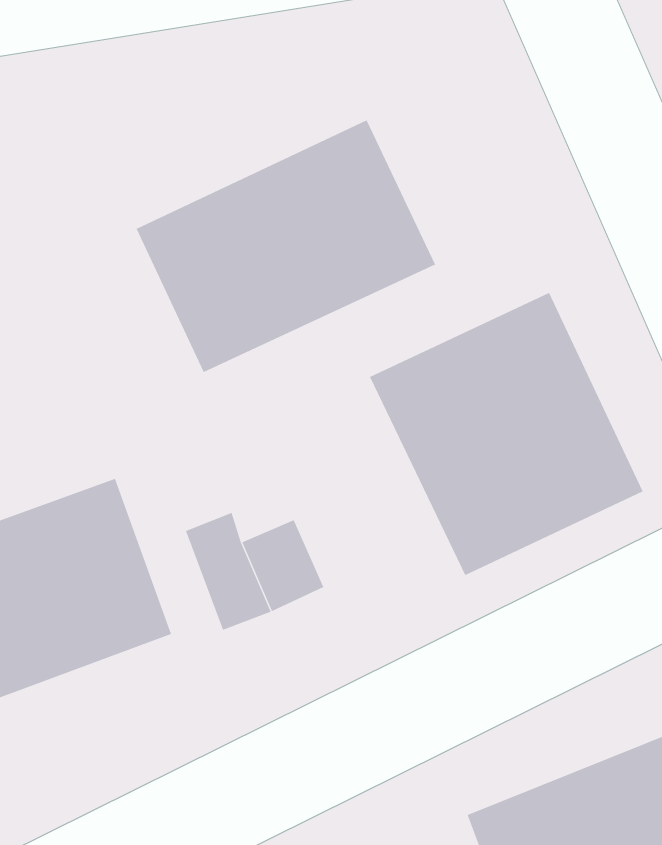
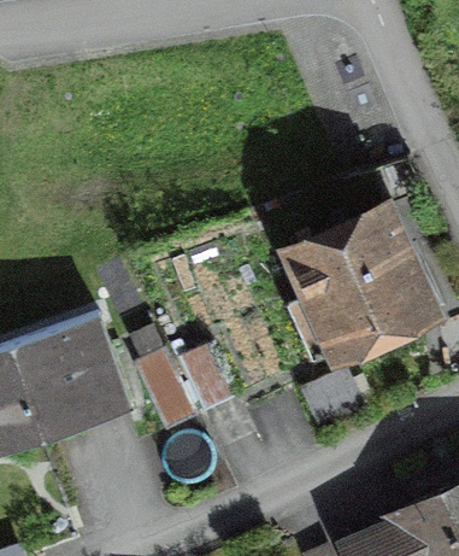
building: [136,120,436,373] -> none

